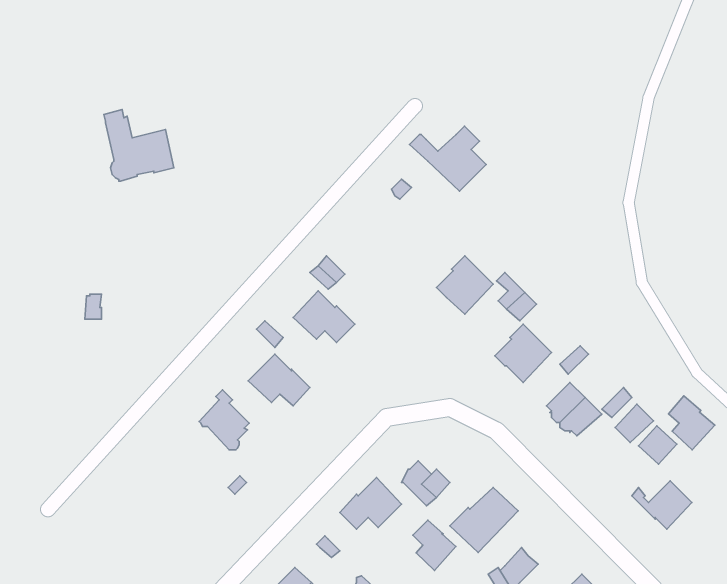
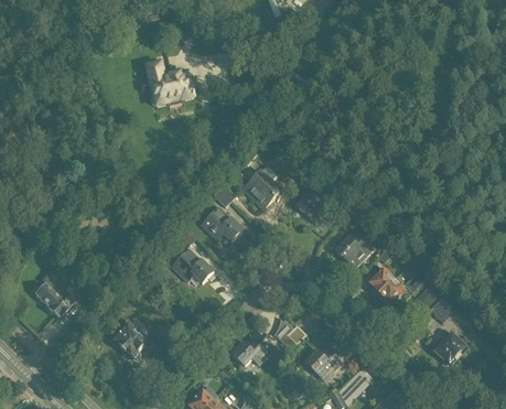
building: [104,109,174,181] -> [147,58,193,106]
building: [409,126,486,191] -> [230,165,281,208]
building: none -> [34,267,73,316]
building: [199,390,249,450] -> [112,320,146,359]
building: [668,396,715,450] -> none
building: [413,520,456,570] -> none

